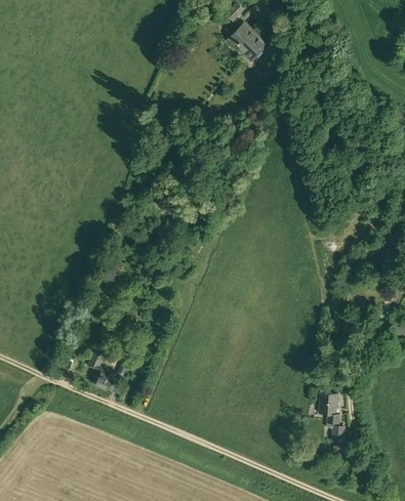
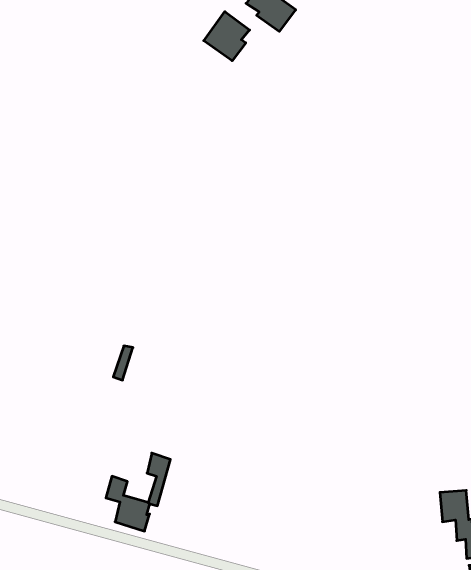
building: none -> [204,12,250,61]

